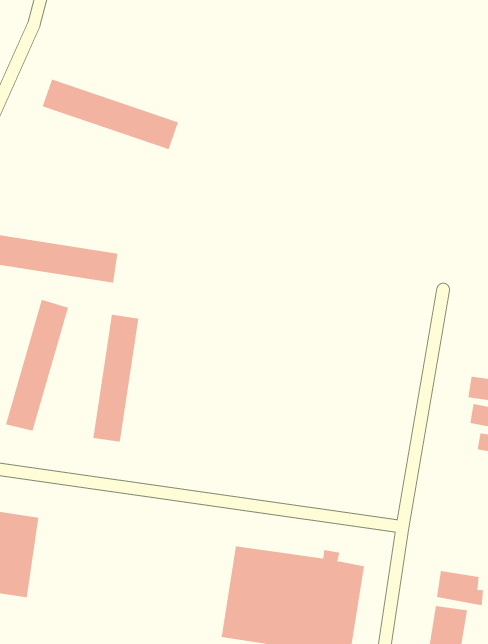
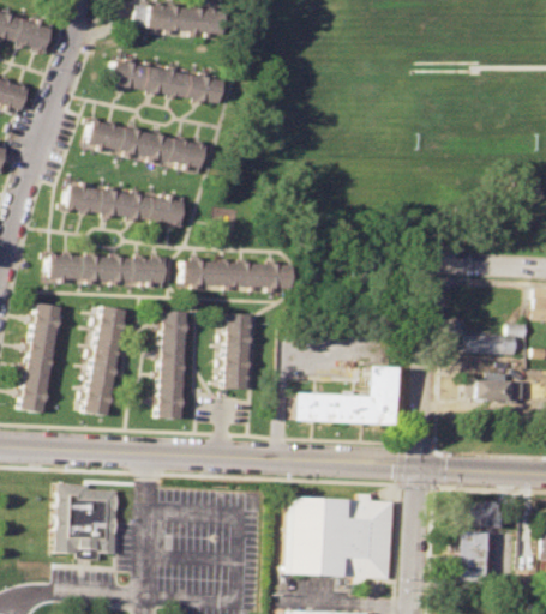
building: none -> [114,61,224,104]
building: none -> [67,182,184,227]
building: none -> [182,260,289,290]
building: none -> [223,313,250,390]
building: none -> [292,371,404,428]

